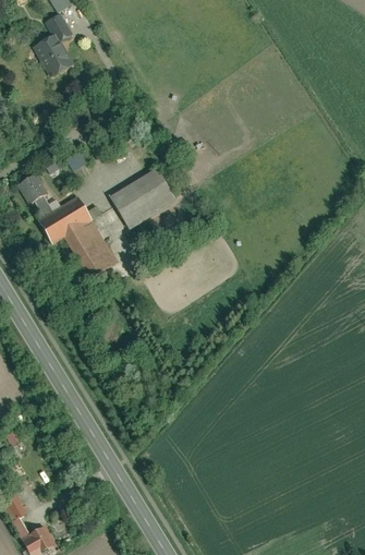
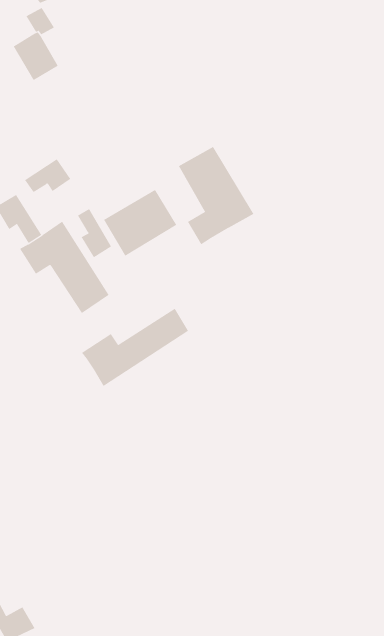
building: none -> [178,146,254,245]
building: none -> [77,208,112,258]
building: none -> [81,308,189,387]

